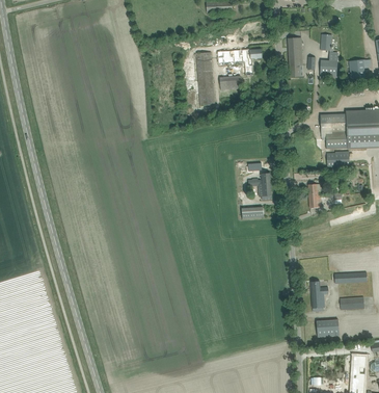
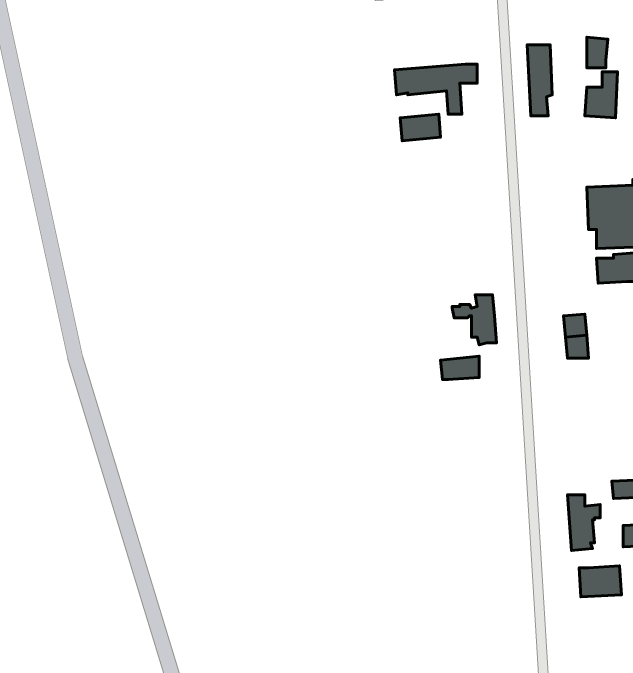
building: [196,51,215,105] -> none

